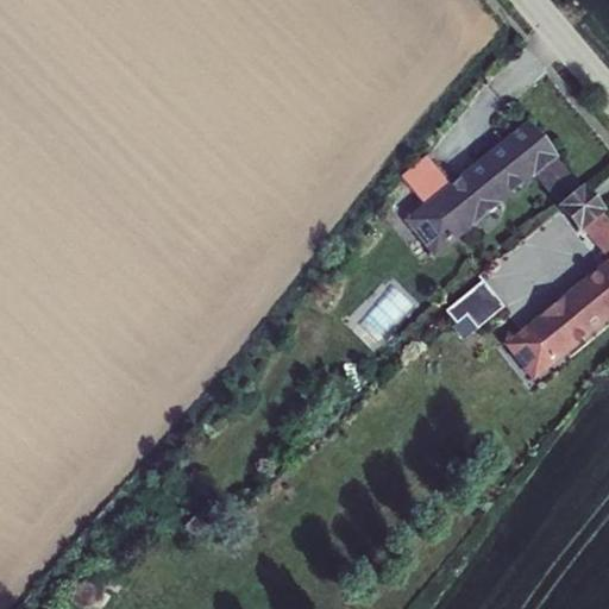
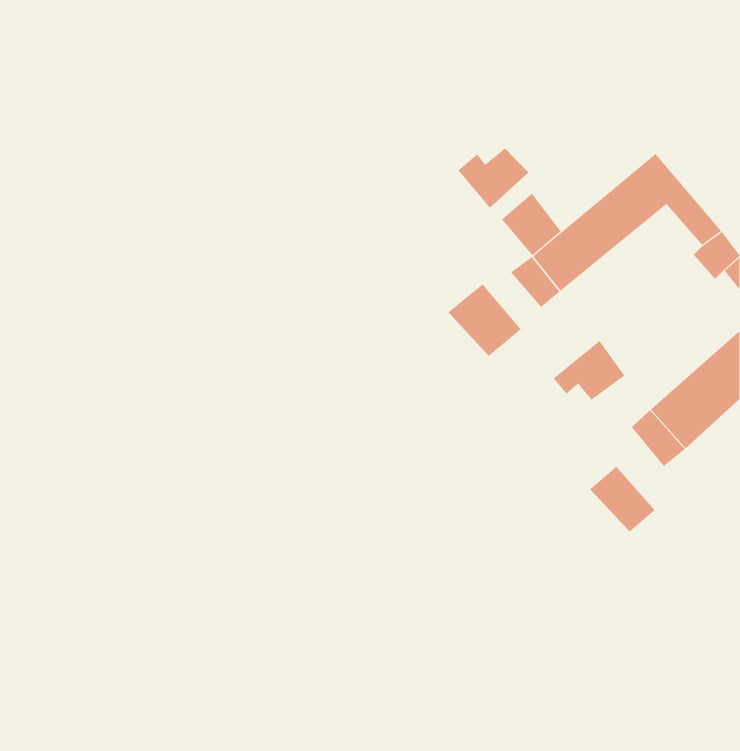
building: none -> [458,147,529,208]
building: none -> [448,283,522,357]
building: none -> [589,466,655,532]

